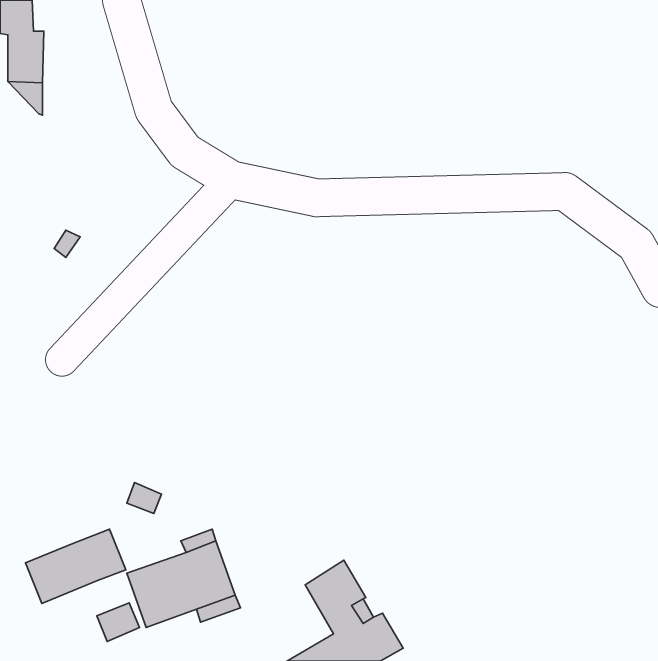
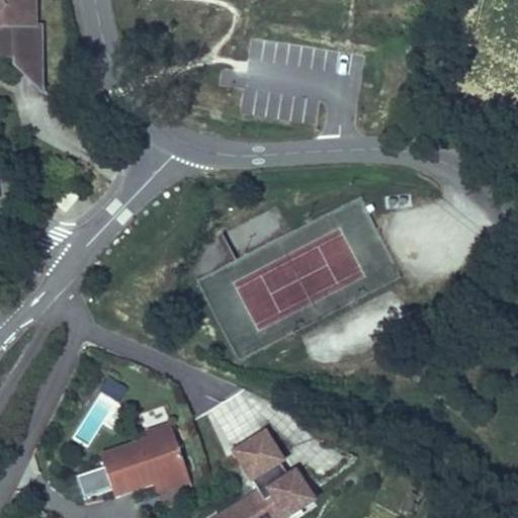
building: [25,529,126,603] -> none

